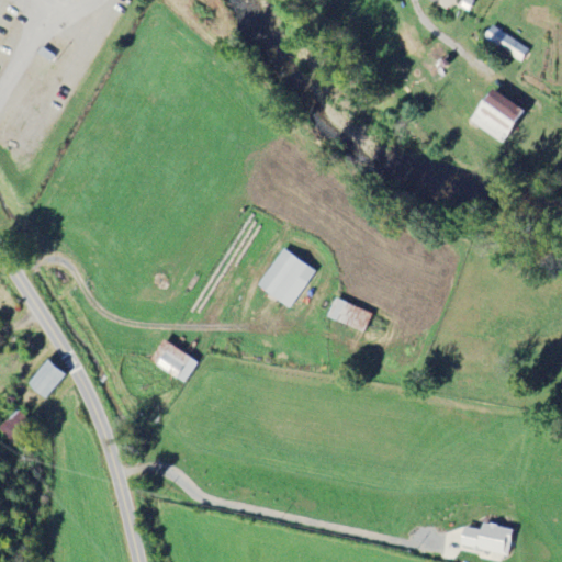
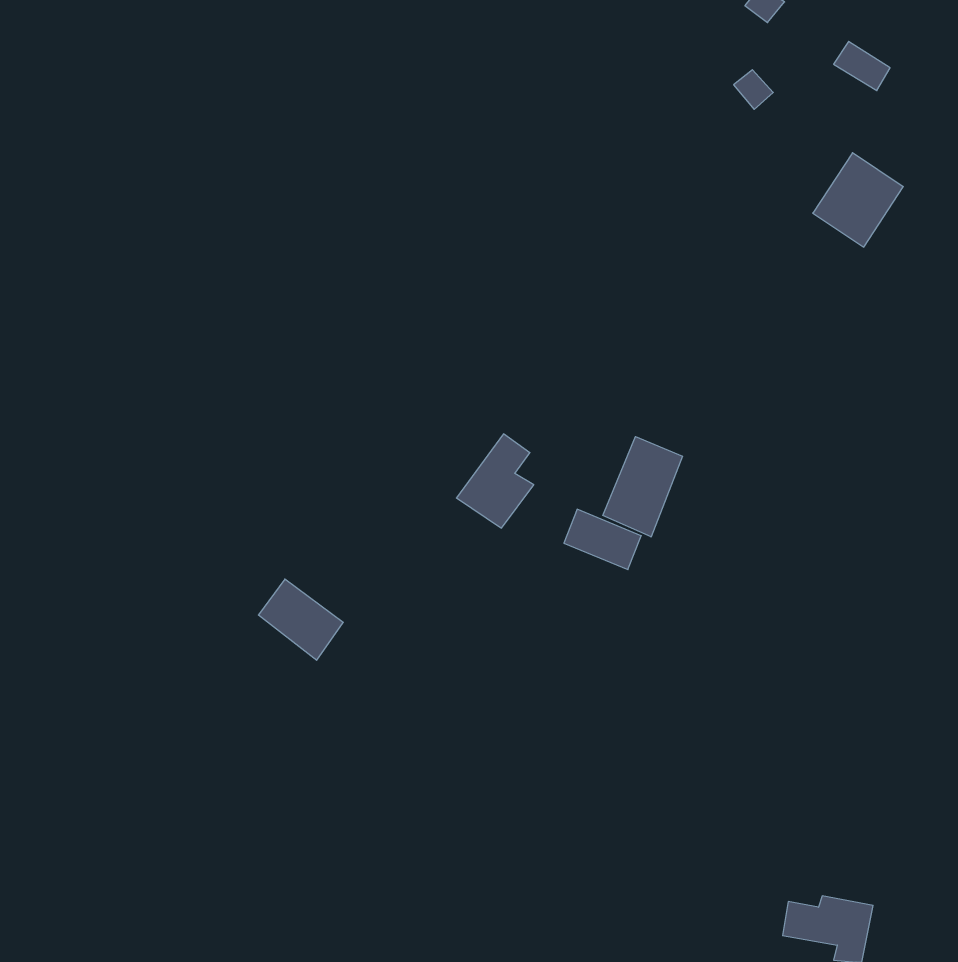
building: none -> [603,437,683,537]
building: [24,358,63,397] -> none

